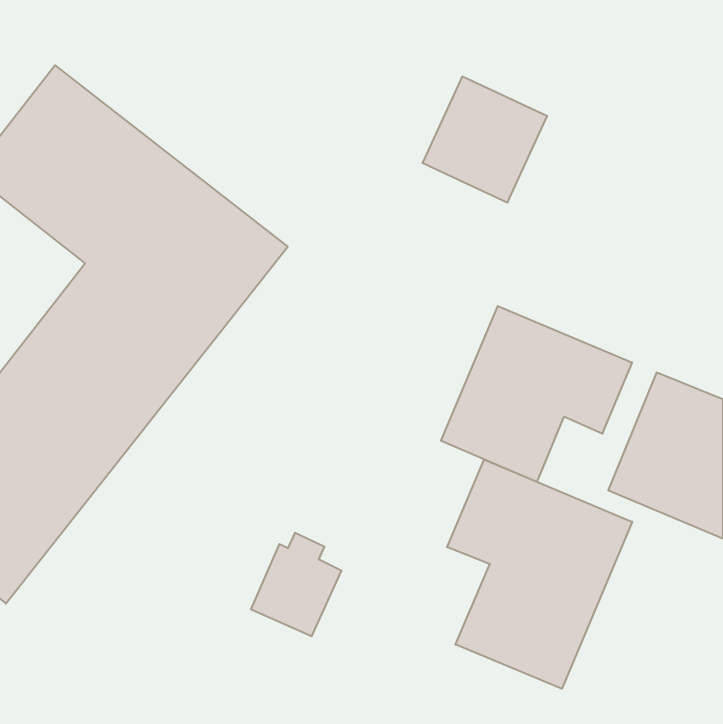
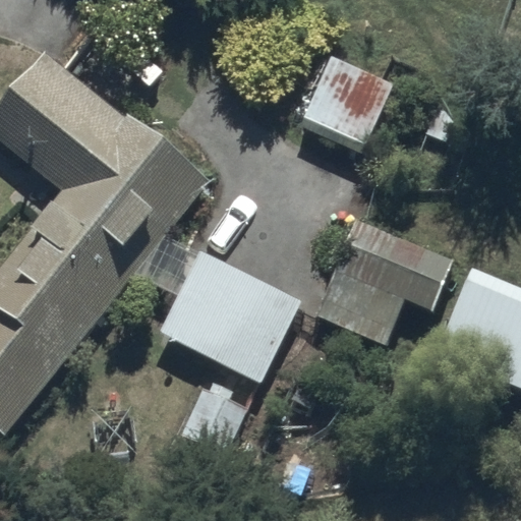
building: none -> [160,250,301,382]
building: [447,459,632,689] -> none

